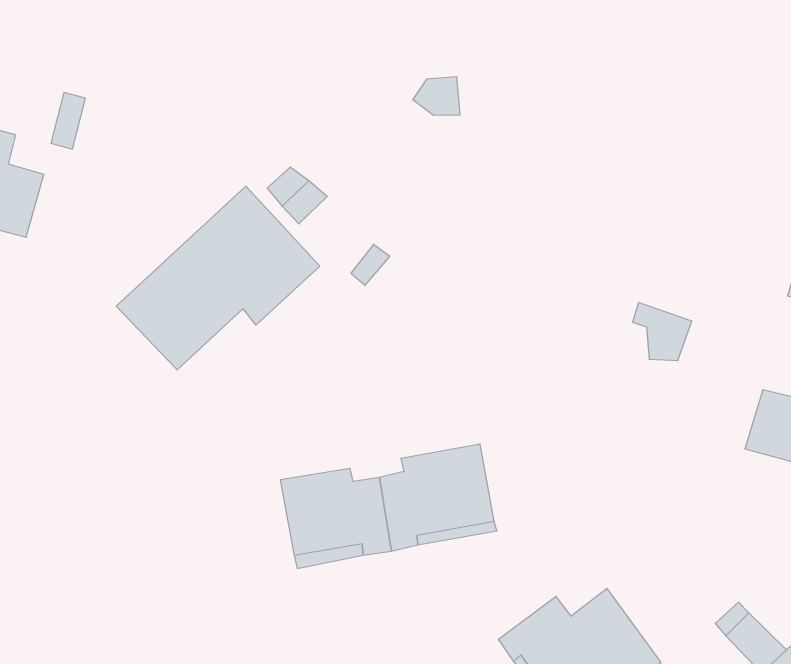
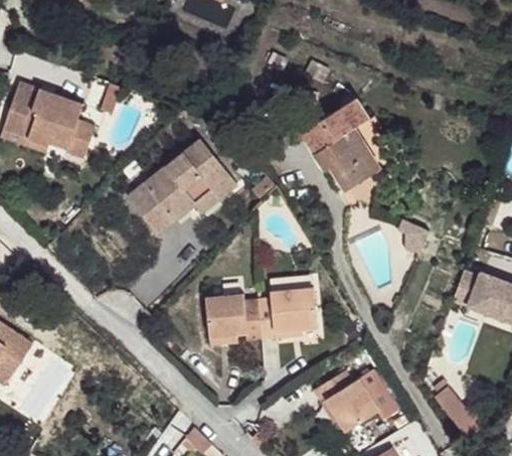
building: none -> [302,98,380,189]

